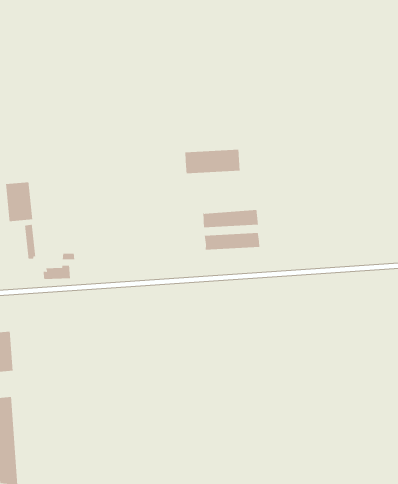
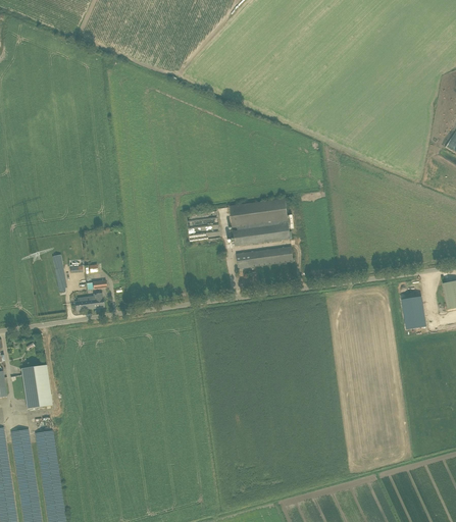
building: [184,149,240,174] -> [229,198,287,227]
building: [5,181,33,222] -> none
building: none -> [401,296,425,329]

